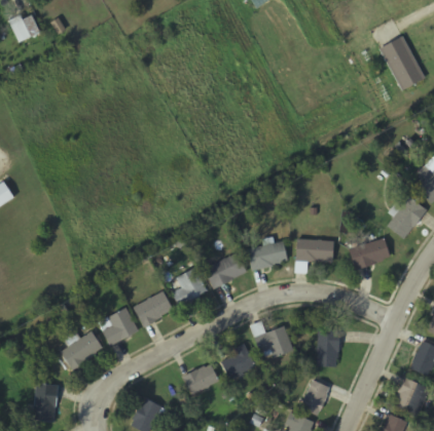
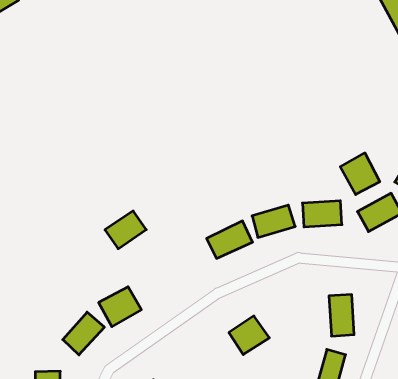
building: none -> [340,153,380,195]
building: [173,268,208,305] -> none
building: [134,290,173,325] -> [105,211,146,249]
building: [251,321,293,356] -> none
building: [184,362,220,394] -> none

